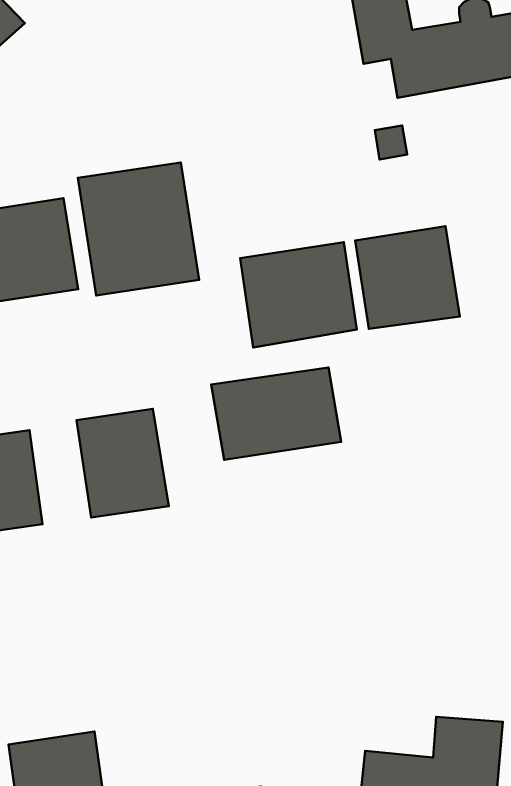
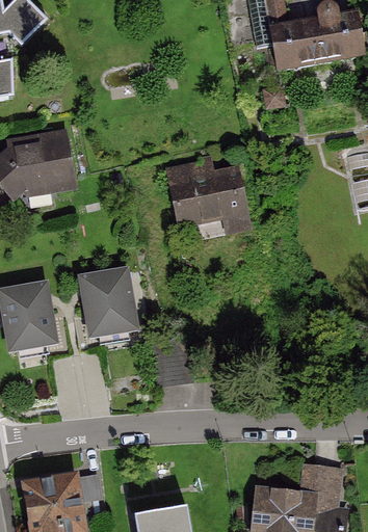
building: [78,162,199,295] -> none
building: [355,226,460,329] -> none
building: [211,367,341,460] -> none

